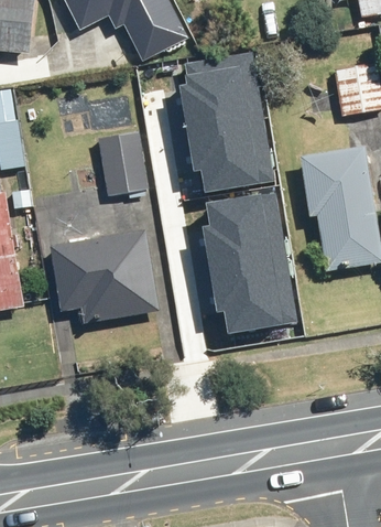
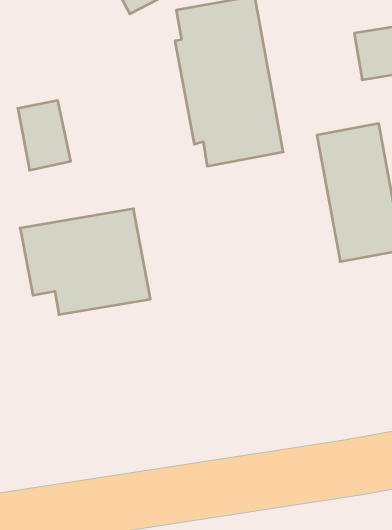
building: [98,137,143,196] -> [18,101,71,170]
building: [204,187,296,332] -> none

